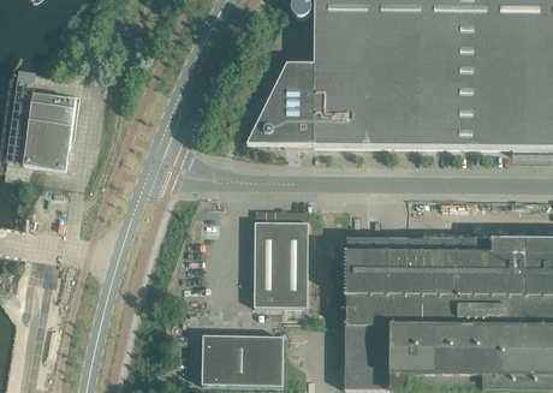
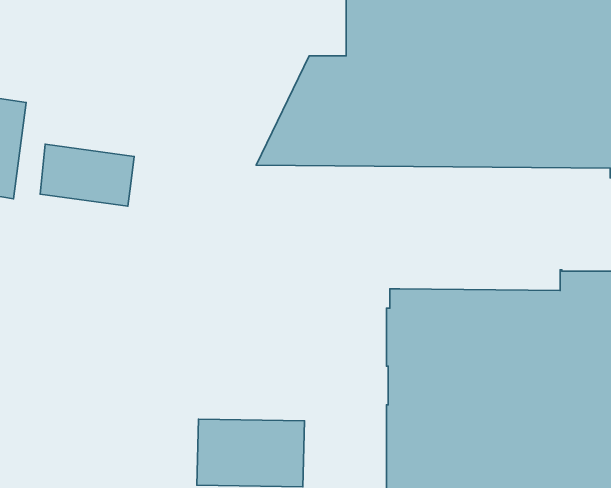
building: none -> [40,144,134,206]
building: [254,208,307,305] -> none

